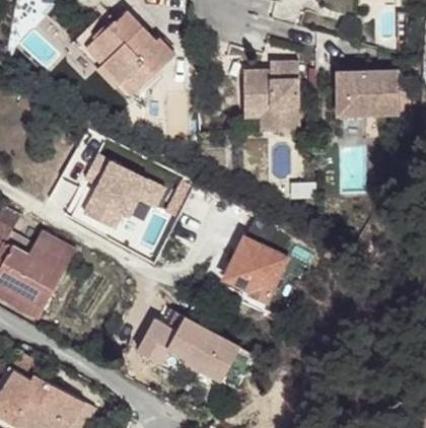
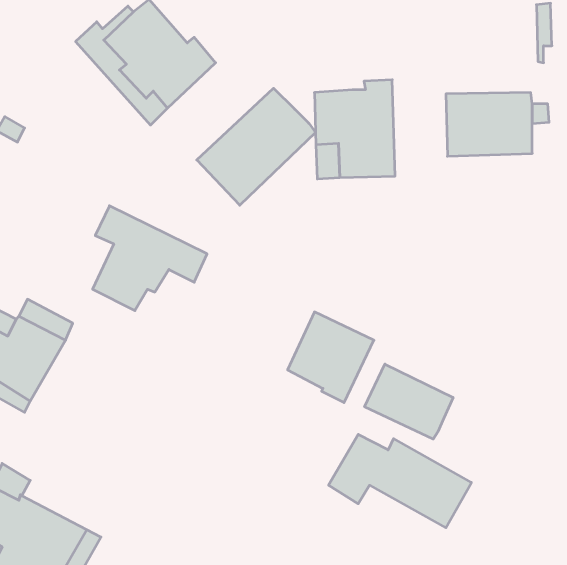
building: none -> [197,88,316,205]
building: none -> [365,364,453,439]
building: [137,315,239,382] -> [329,434,471,528]

